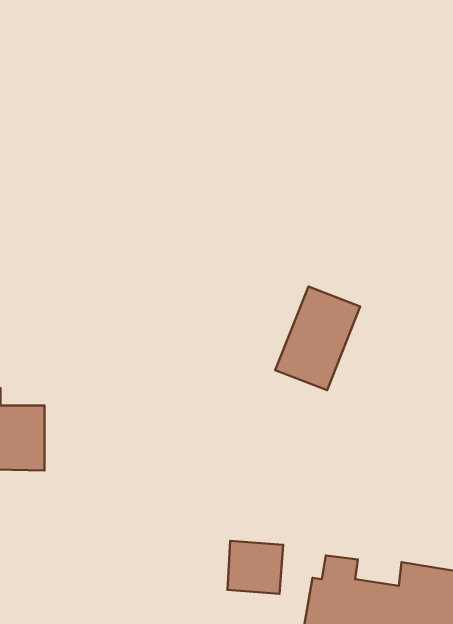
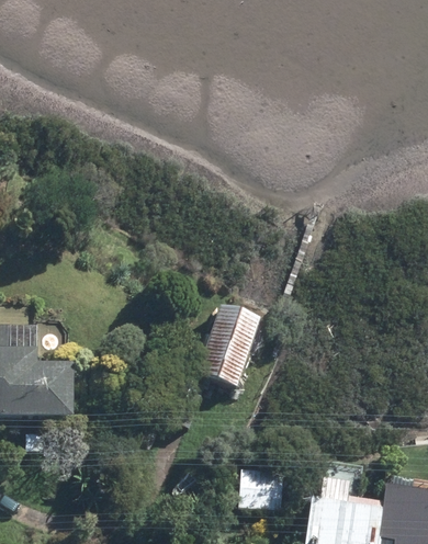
building: [275,287,360,390] -> [193,307,263,393]

